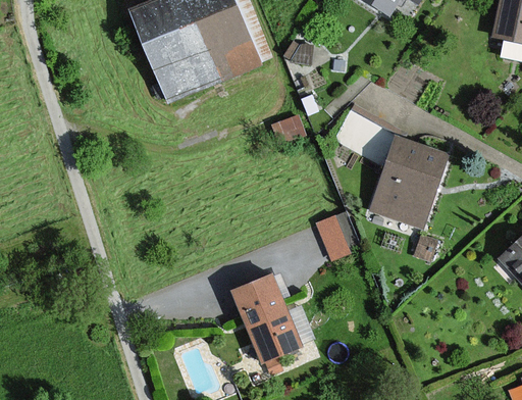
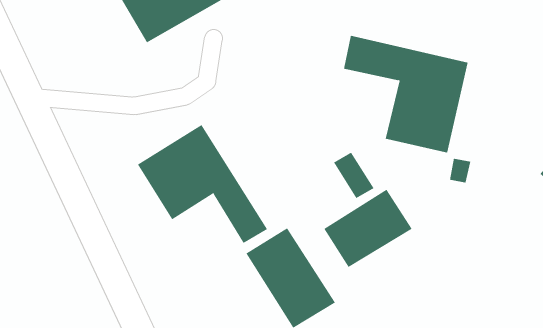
building: none -> [137,124,268,244]
building: none -> [323,189,412,268]

